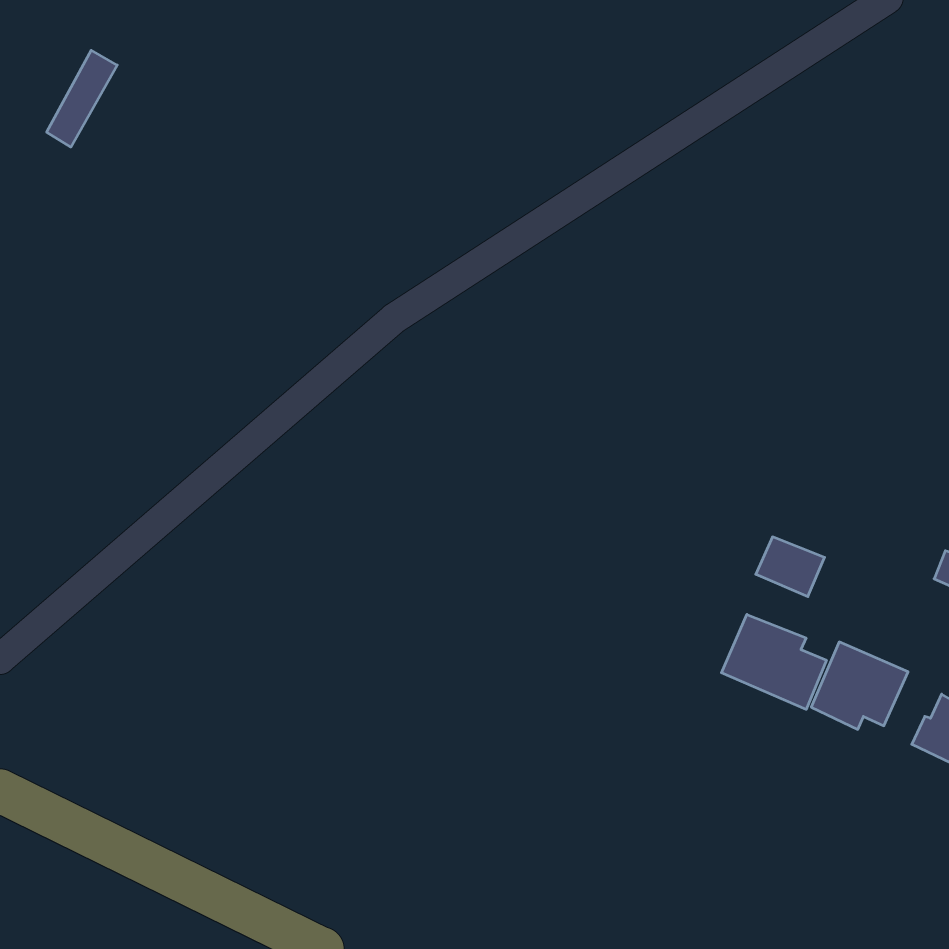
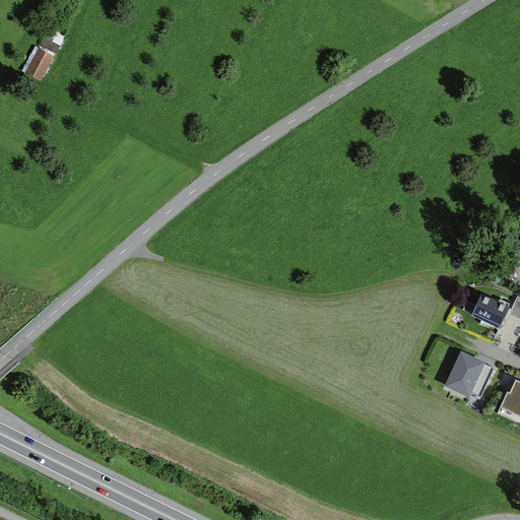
building: [756,537,825,597] -> [469,295,507,327]
building: [721,614,826,709] -> none

